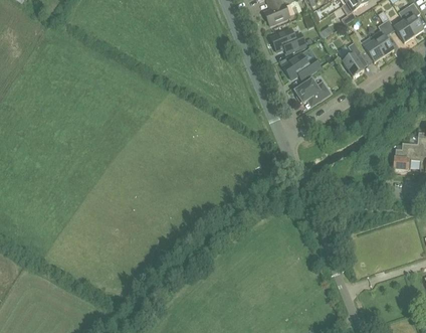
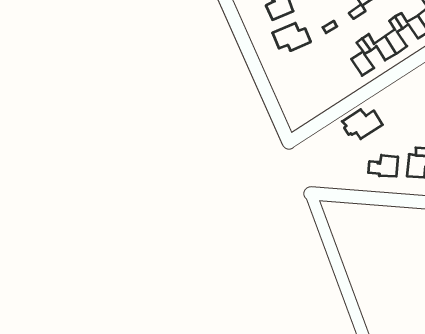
building: [281,52,320,78] -> none
building: [293,78,331,106] -> [342,109,383,139]
building: none -> [368,155,398,176]

